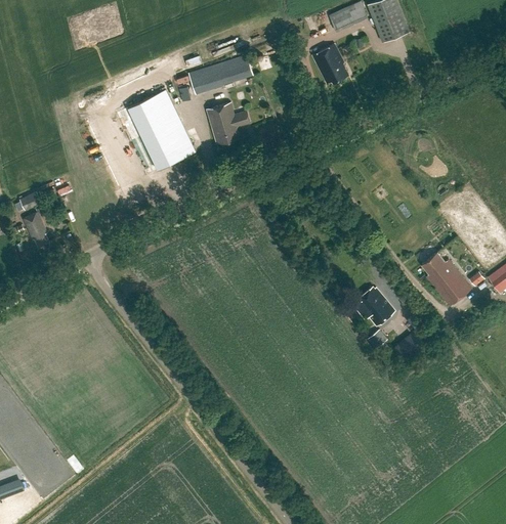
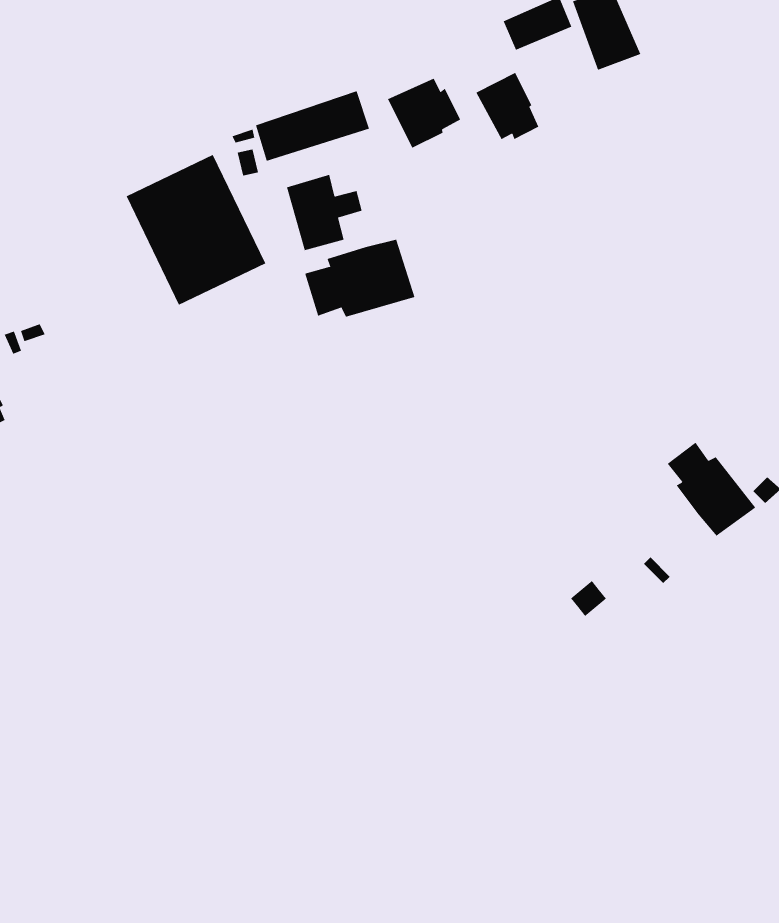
building: none -> [387,78,461,149]
building: none -> [304,239,415,317]
building: [356,287,394,325] -> none

